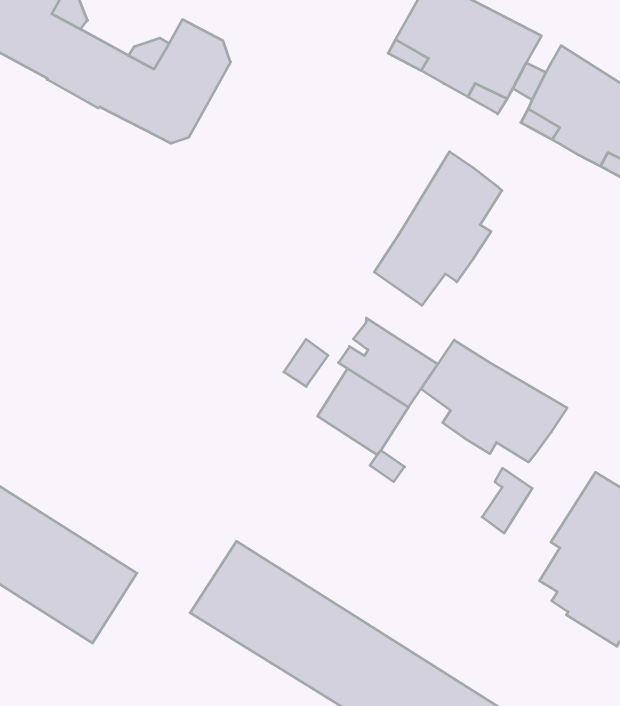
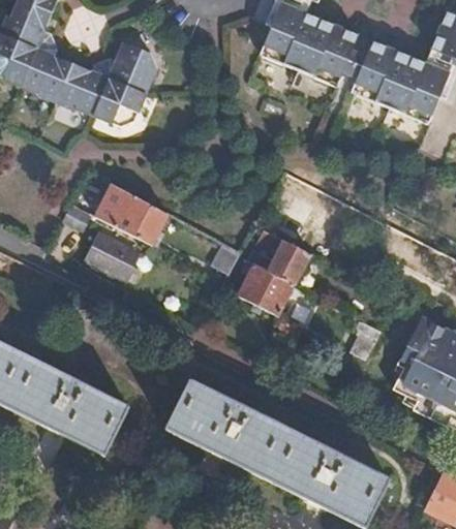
building: [374,152,502,305] -> none
building: none -> [95,181,166,243]
building: none -> [88,232,136,276]
building: [421,340,567,462] -> none

